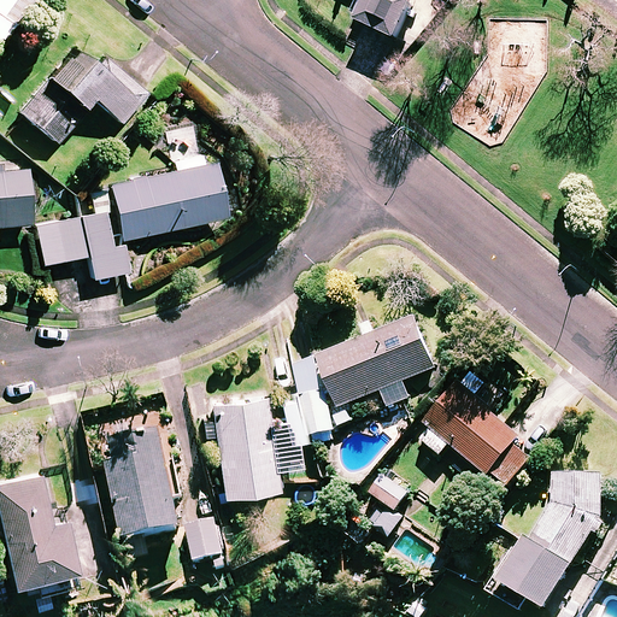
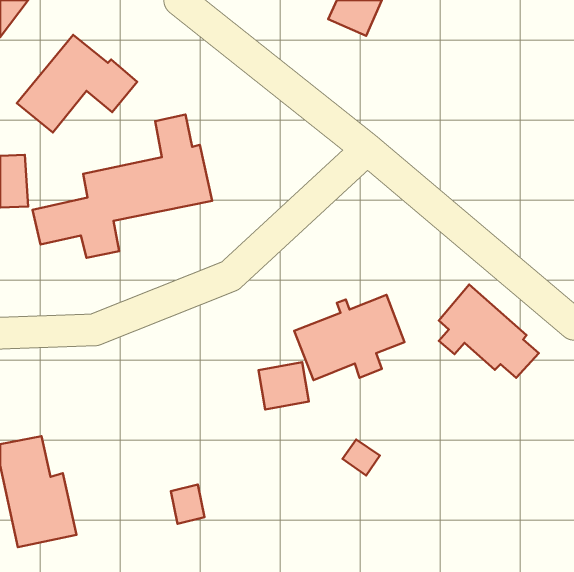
building: [424,383,531,483] -> [439,285,539,378]
building: [211,394,275,489] -> none
building: [104,433,178,541] -> none
building: [487,474,603,611] -> none

